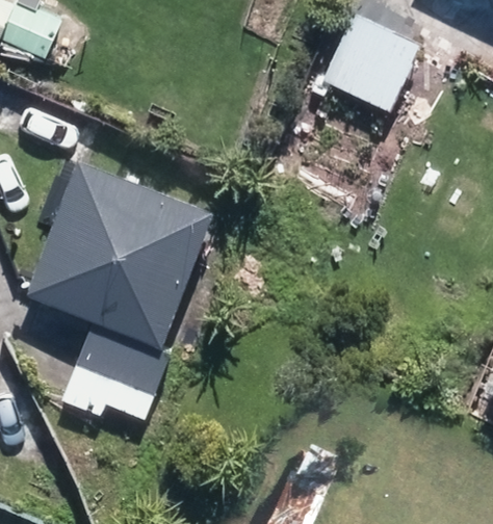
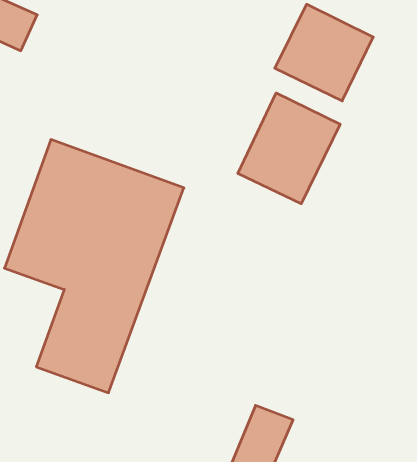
building: none -> [238,93,340,204]

